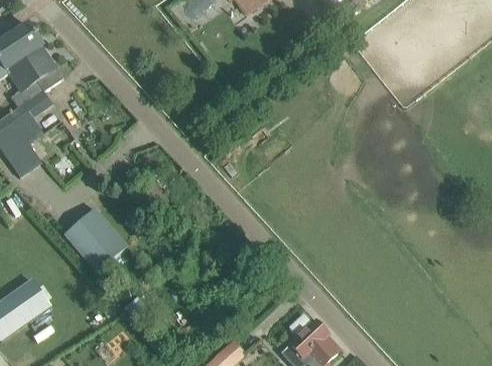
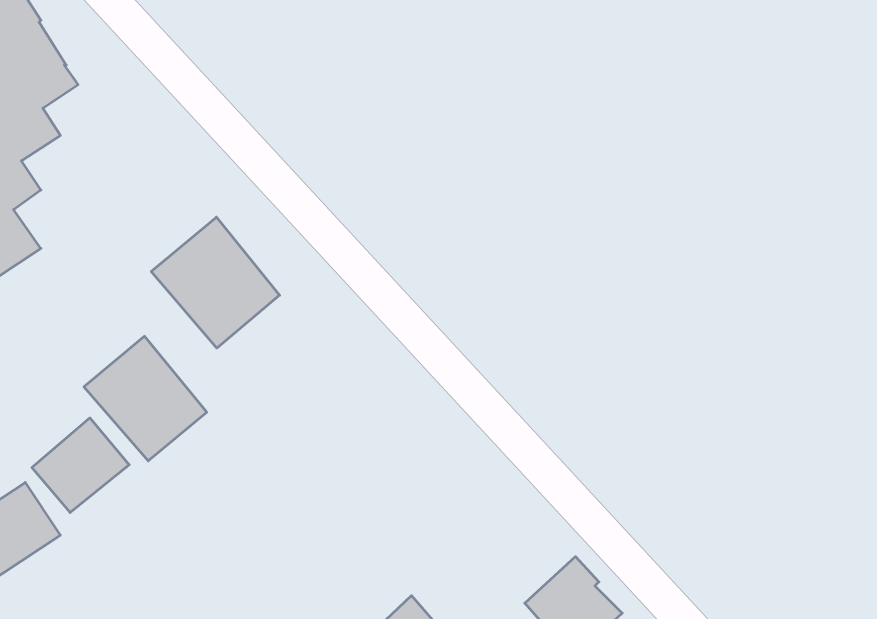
building: none -> [151,217,280,348]
building: none -> [32,418,129,513]

